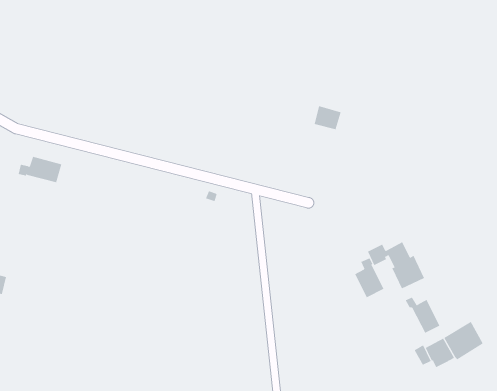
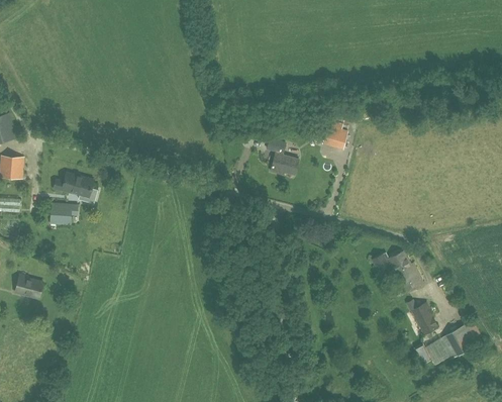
building: none -> [267,138,298,175]
building: none -> [48,203,78,226]
building: [355,257,384,298] -> none

